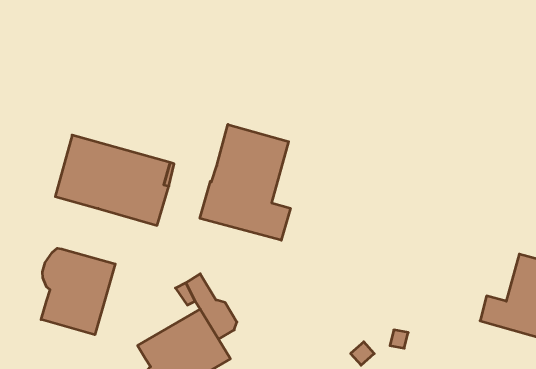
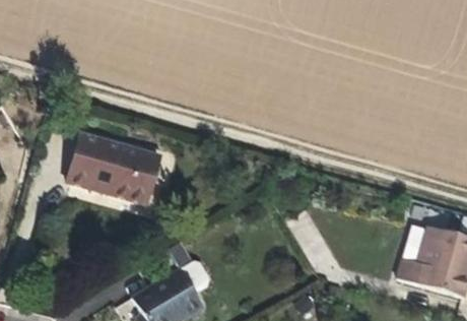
building: [200,124,290,240] -> none
building: [41,248,115,335] -> none

